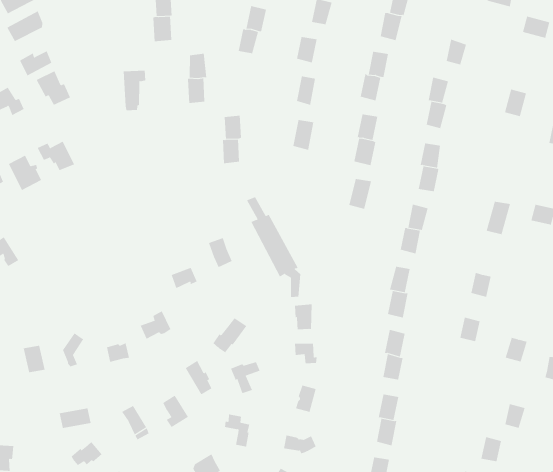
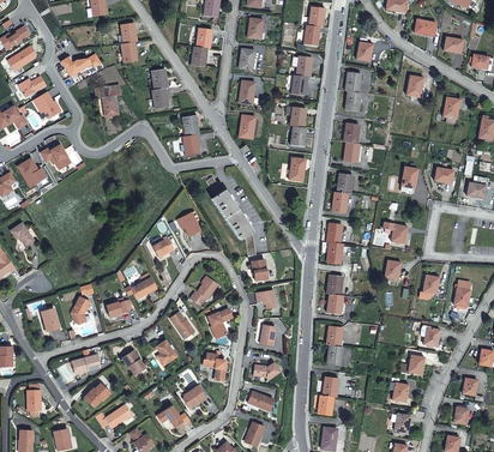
building: none -> [59,50,101,83]

